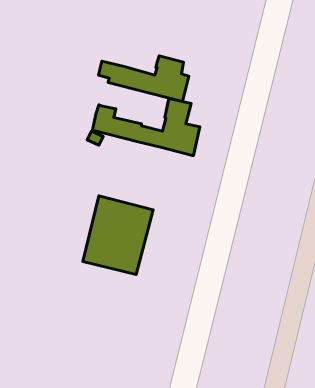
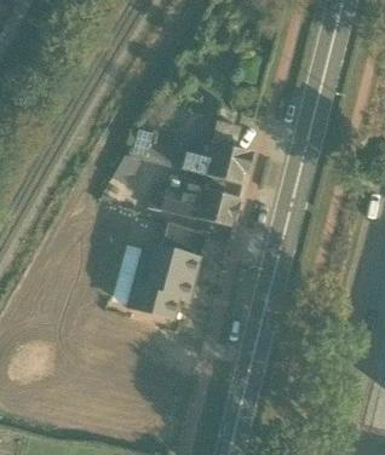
building: [99,56,189,102] -> [133,173,236,225]

